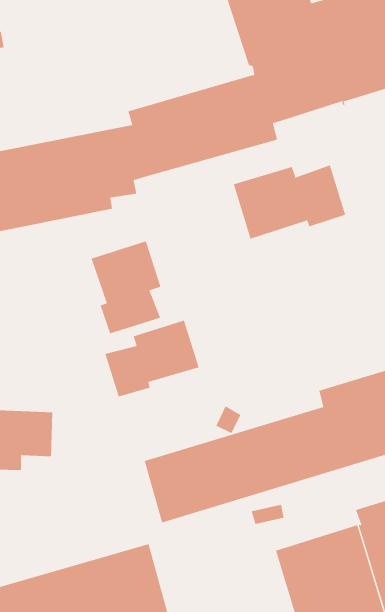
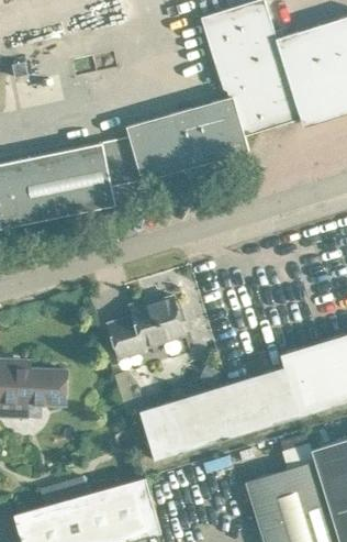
building: [233,165,346,239] -> none
building: [91,240,161,334] -> none

